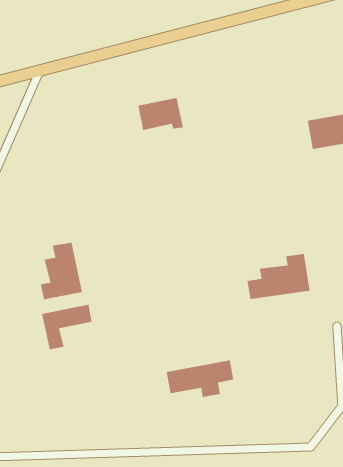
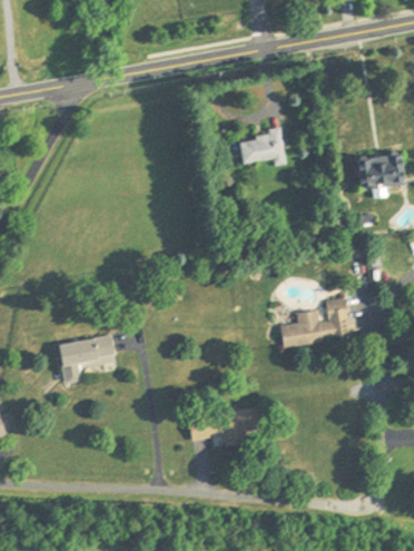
building: [137,97,184,131] -> [238,131,286,166]
building: [40,242,83,300] -> none

